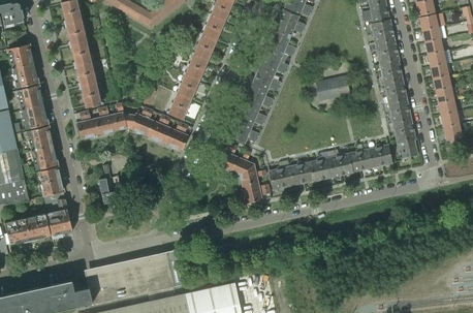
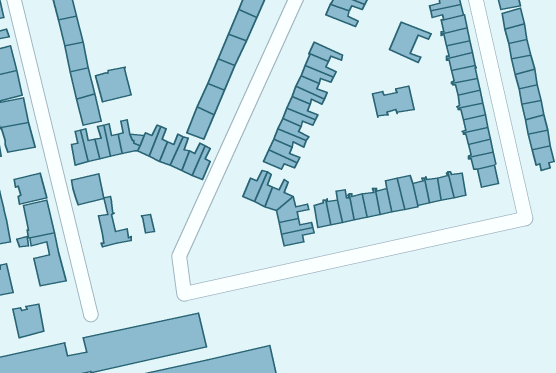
building: [270,20,303,52] -> [390,22,431,62]
building: none -> [96,67,131,102]
building: [26,126,52,151] -> [72,174,104,205]
building: [25,214,50,241] -> [13,304,44,338]

